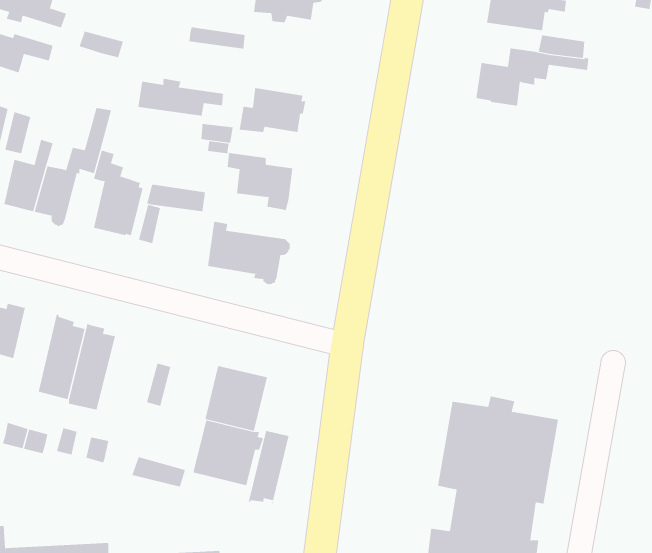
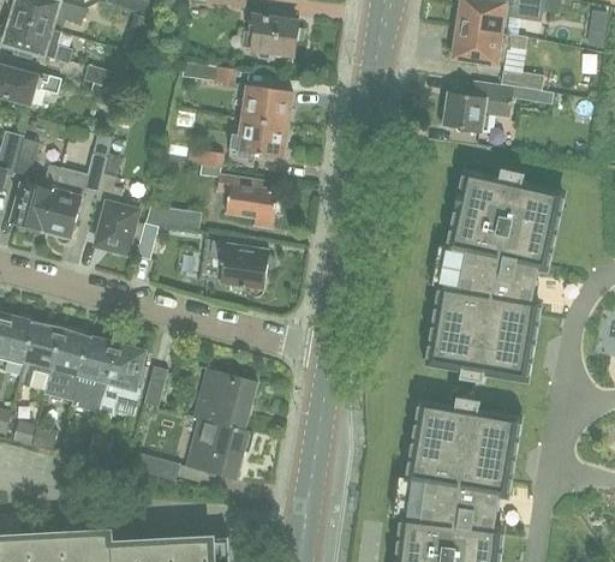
building: none -> [243,84,292,124]
building: [138,78,224,117] -> none
building: none -> [428,168,562,382]
building: none -> [19,316,62,393]
building: none -> [100,341,147,414]
building: [248,430,289,506] -> none

